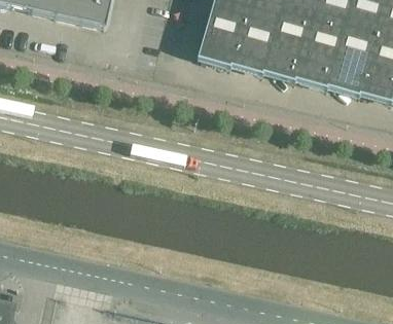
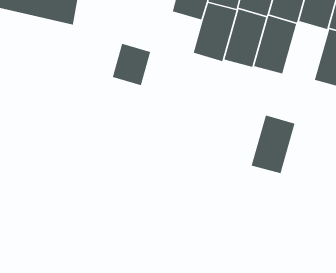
building: [200,16,242,63] -> [112,43,151,86]
building: [328,27,377,91] -> [250,114,296,174]

